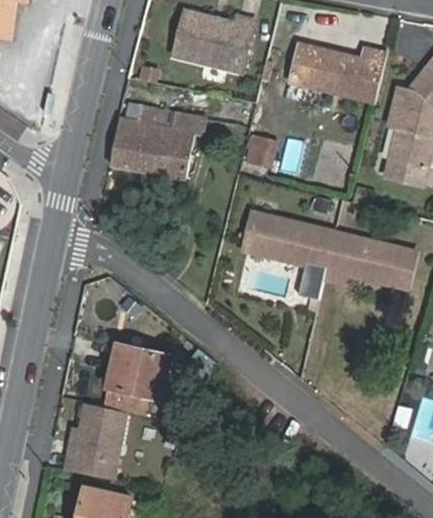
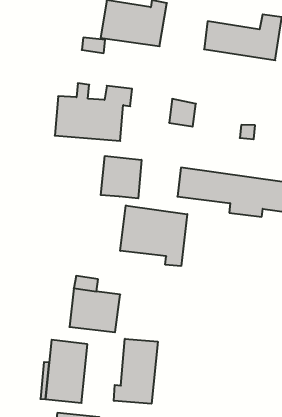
building: none -> [101,156,141,198]
building: none -> [120,205,187,266]
building: none -> [114,339,158,404]

